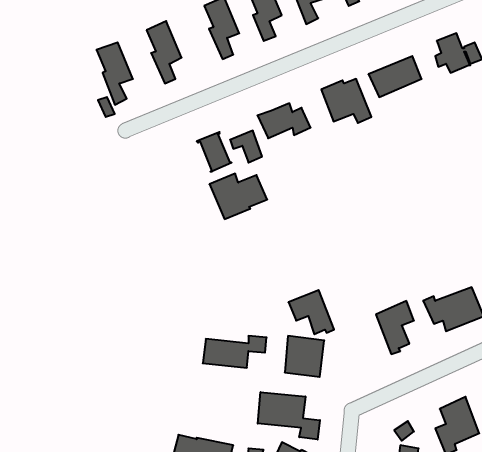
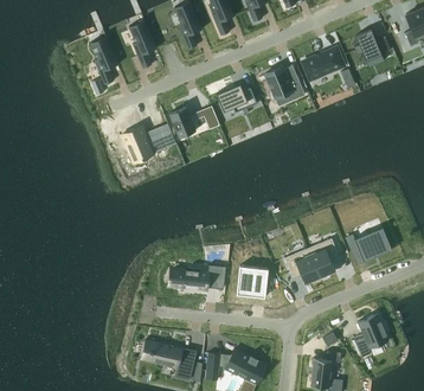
building: [209,174,267,219] -> [122,127,167,162]
building: [288,290,334,334] -> [284,249,320,283]
building: [258,392,320,440] -> none

